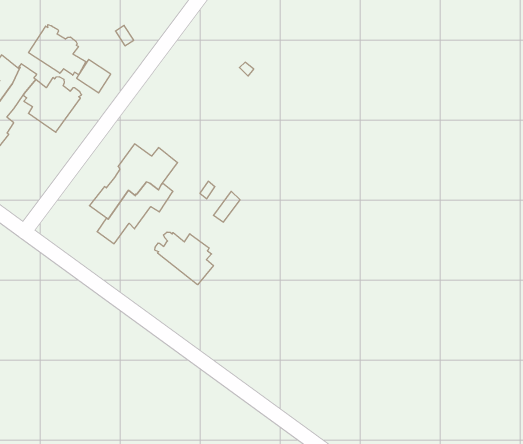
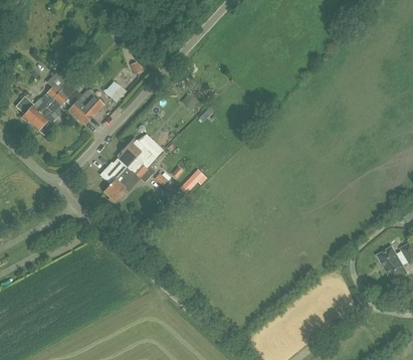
building: [29,25,86,75] -> none
building: [155,232,213,285] -> none

